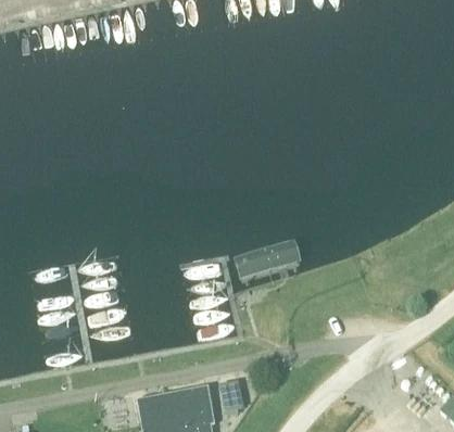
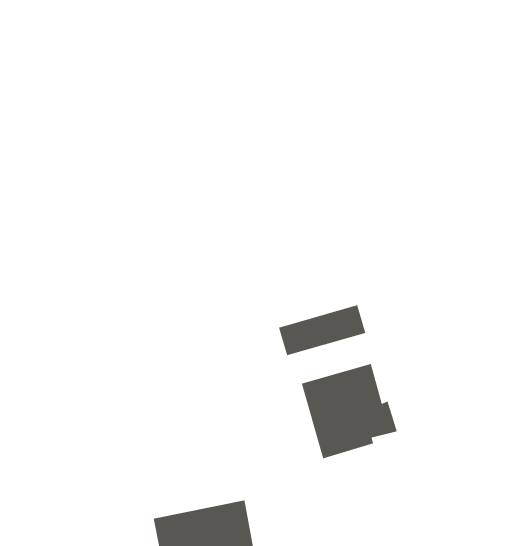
building: none -> [301,363,398,459]

